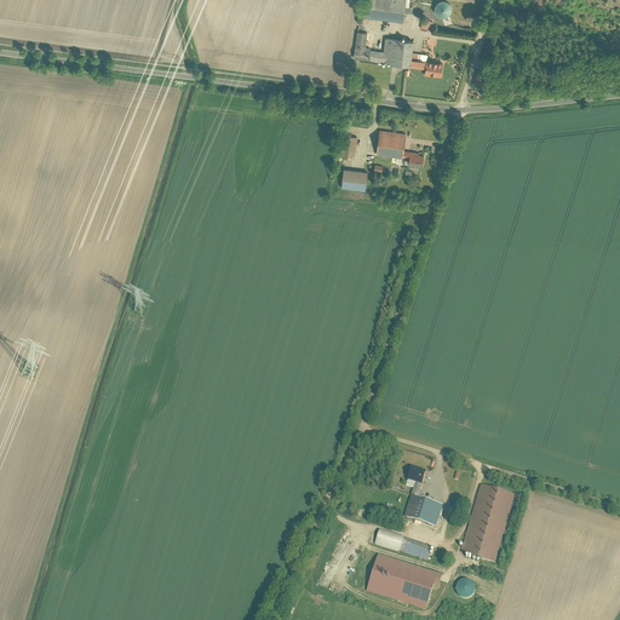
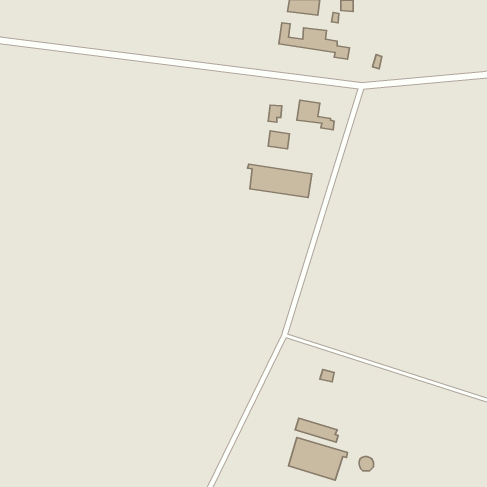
building: none -> [248,164,312,198]
building: [459,484,515,563] -> none
building: [402,494,443,528] -> none

